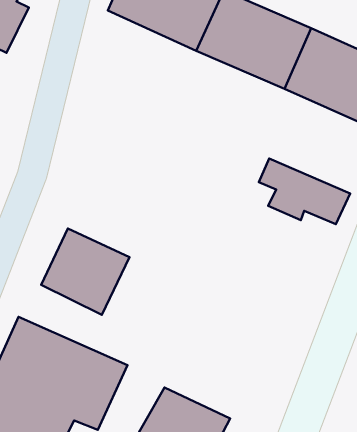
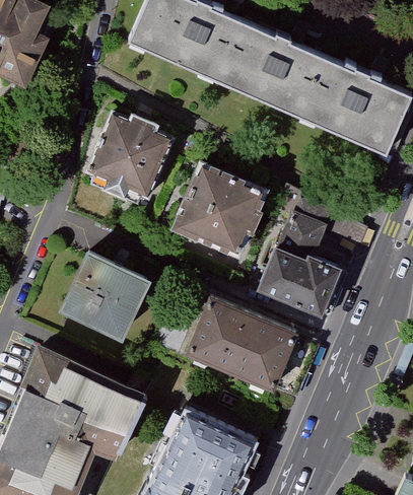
building: none -> [89,115,174,199]
building: none -> [180,170,264,255]
building: none -> [259,251,339,314]
building: none -> [188,302,313,397]

